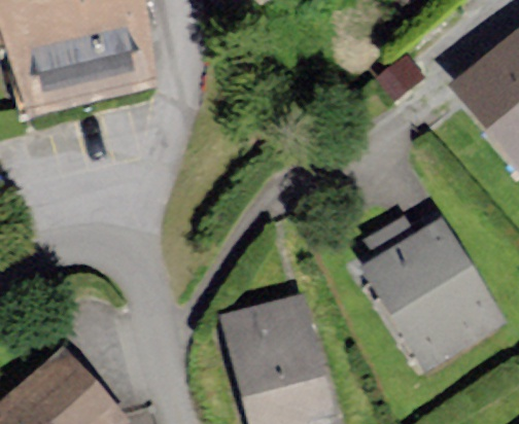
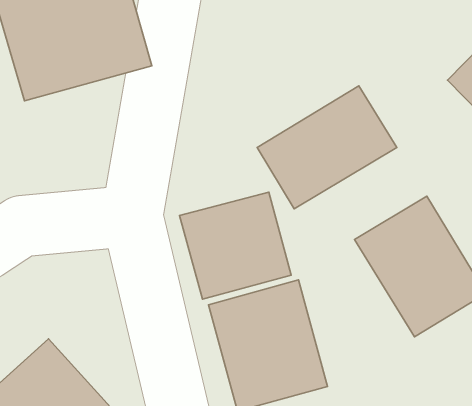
building: none -> [257,86,397,209]
building: none -> [180,192,291,299]

